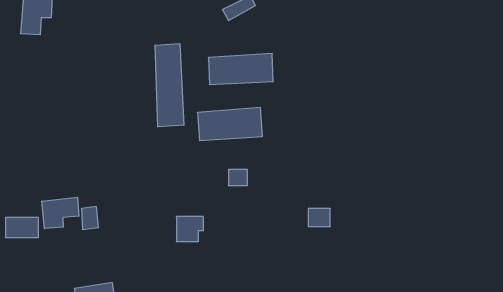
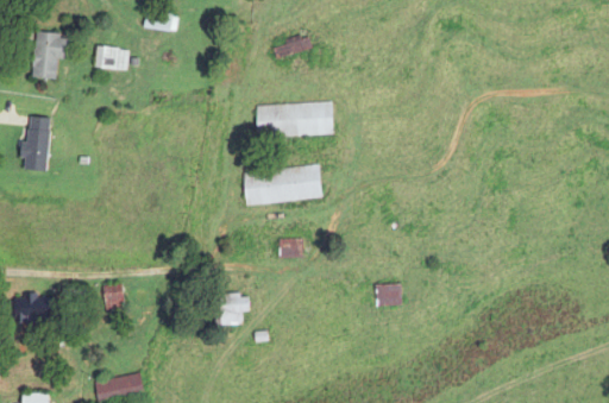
building: none -> [95,48,127,70]
building: [155,44,184,127] -> none
building: none -> [24,117,51,171]
building: [42,197,79,229] -> none

